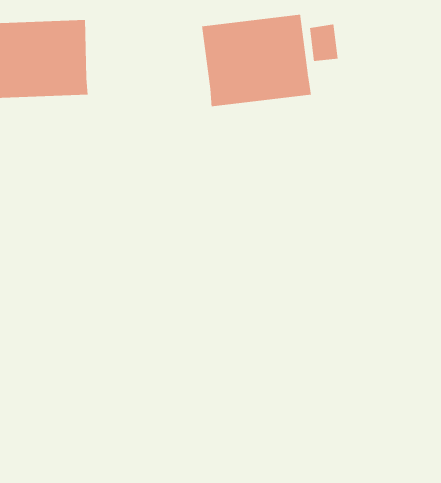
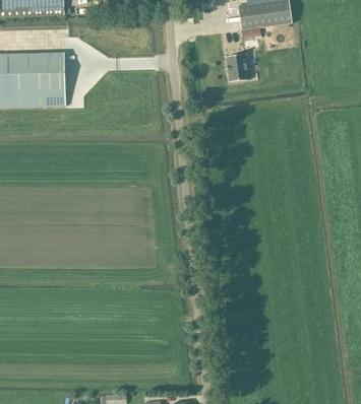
building: [202,14,311,107] -> none

